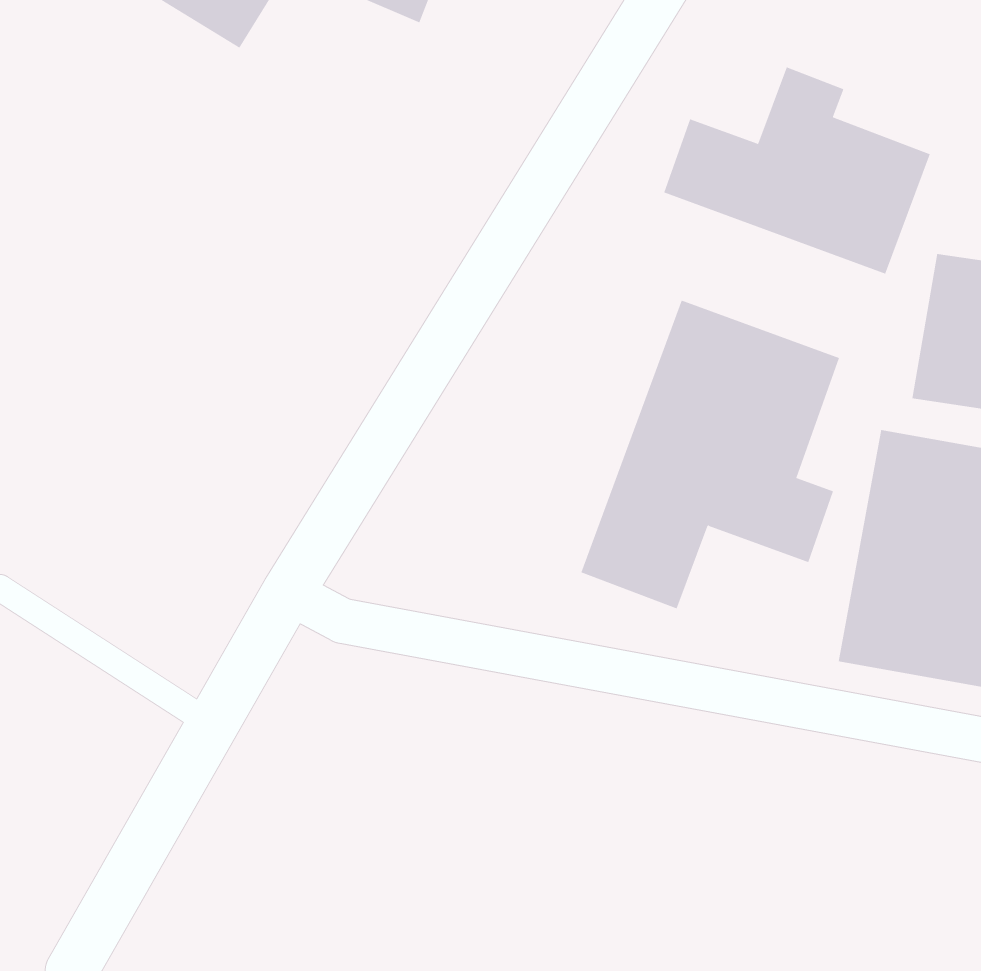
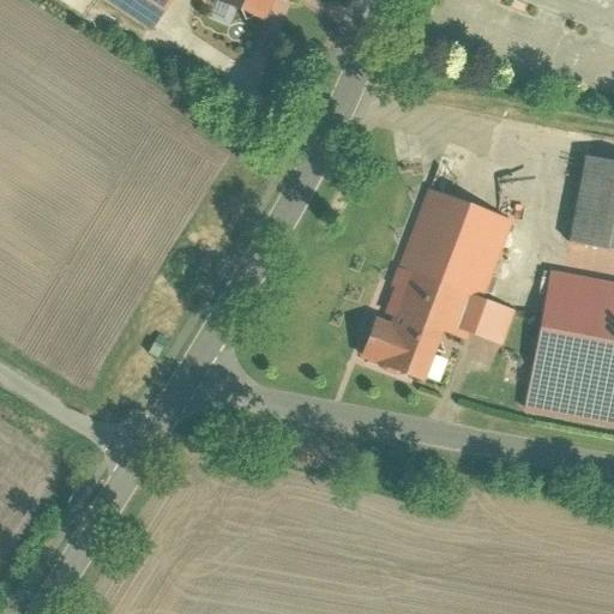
building: [663,67,931,275] -> none

